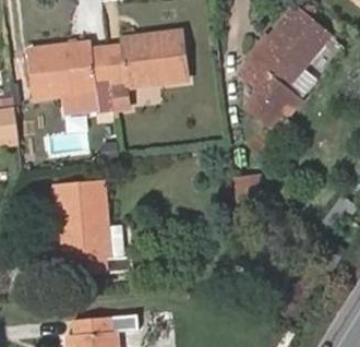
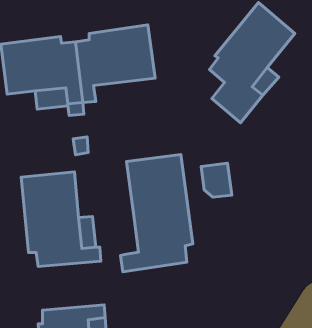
building: none -> [120,154,193,272]

